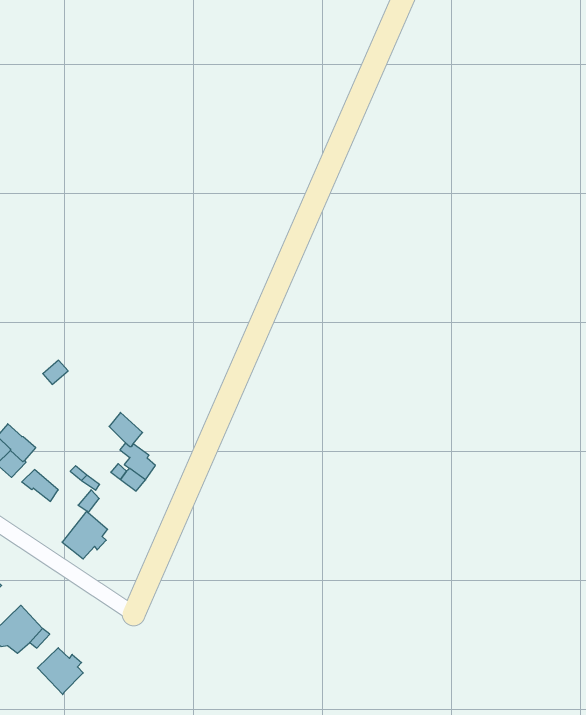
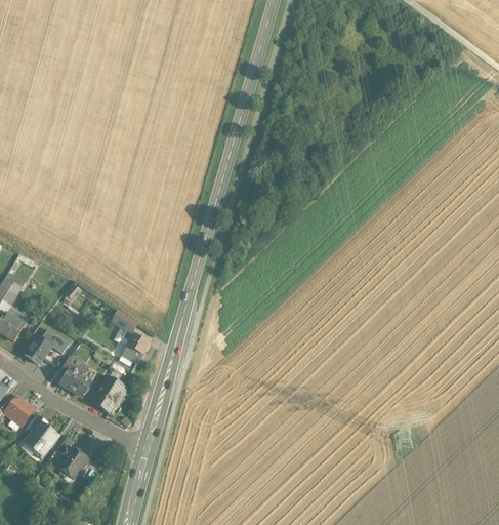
building: none -> [60,368,95,396]
building: [37,648,83,695] -> none

